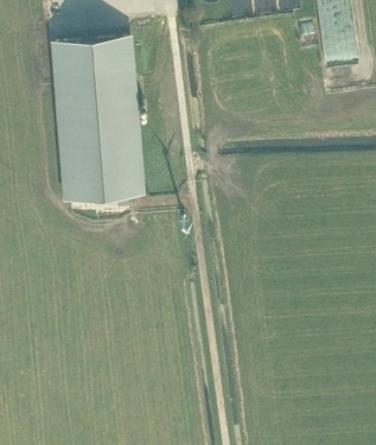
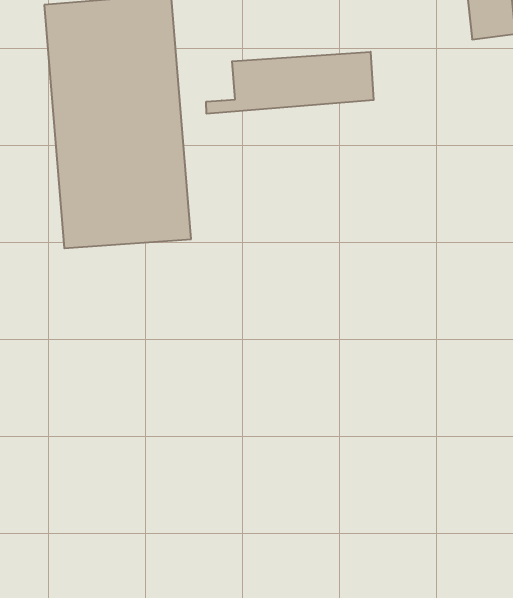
building: none -> [206,52,374,114]

